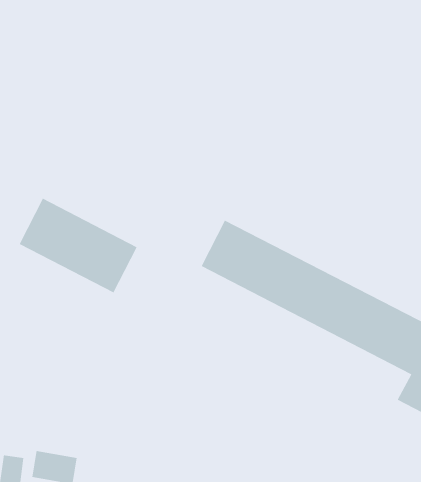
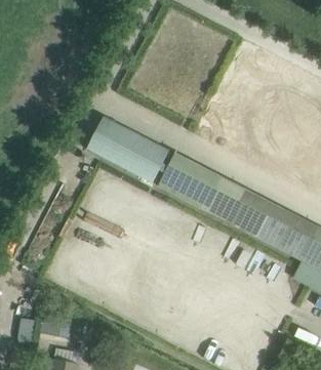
building: [19,198,138,293] -> [87,117,169,182]

